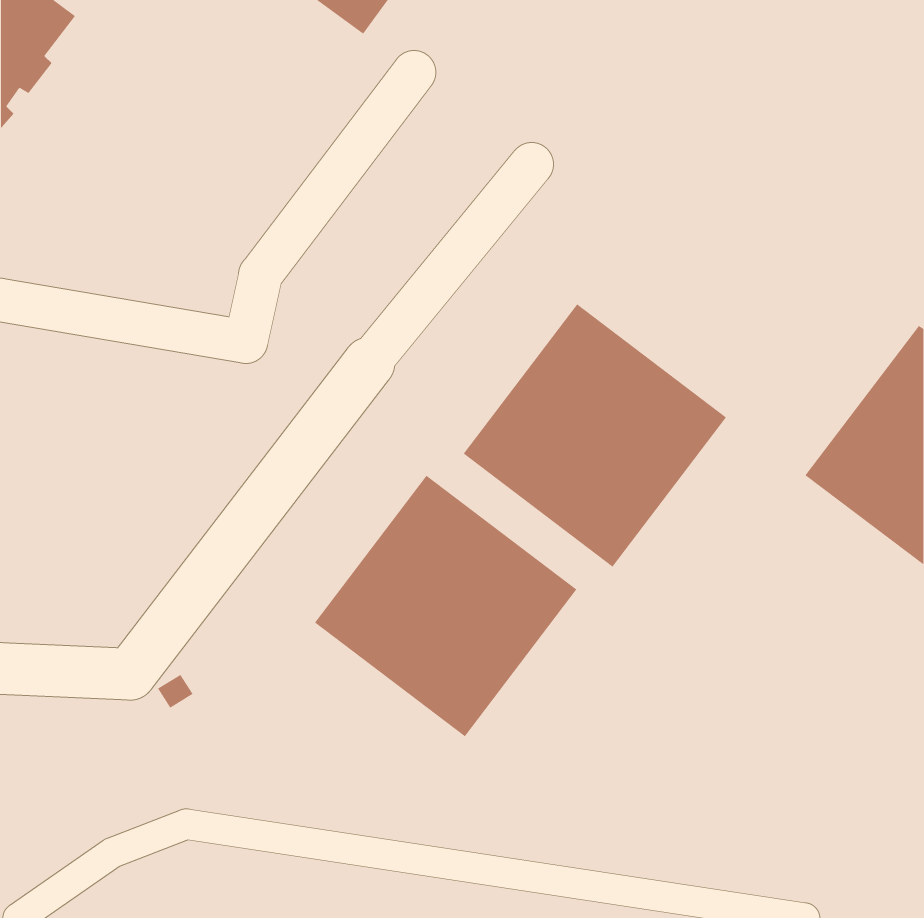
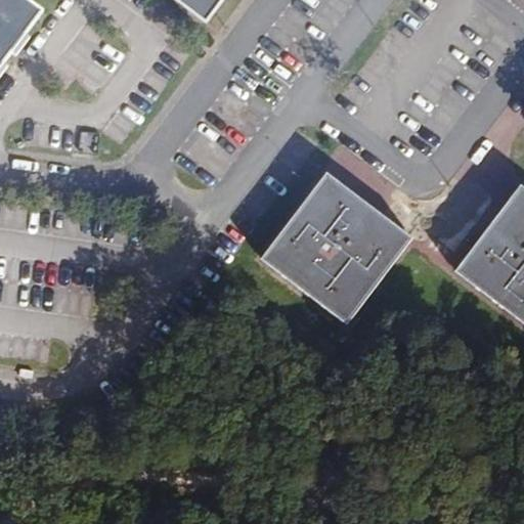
building: [314,475,577,737] -> none

